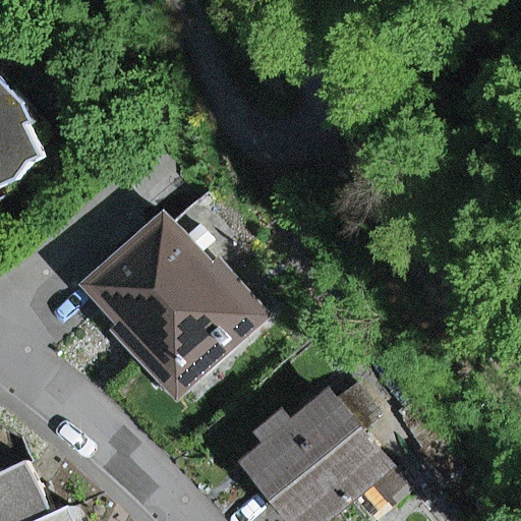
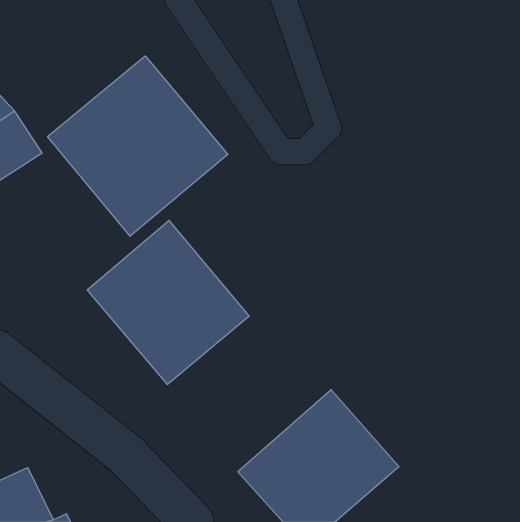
building: none -> [48,56,228,236]

